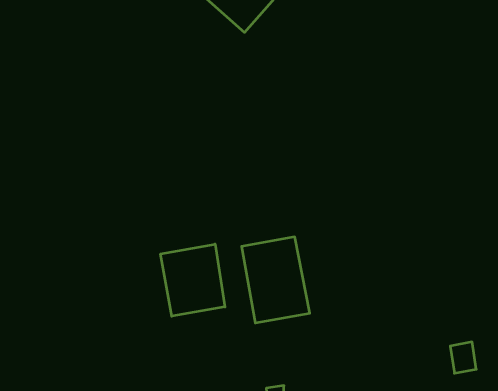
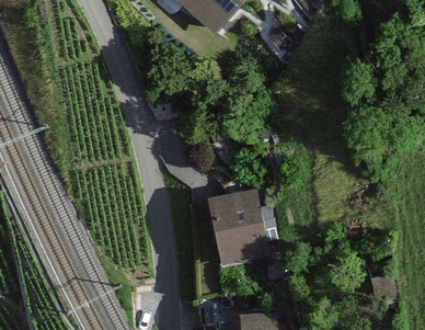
building: [161,244,225,316] -> none

